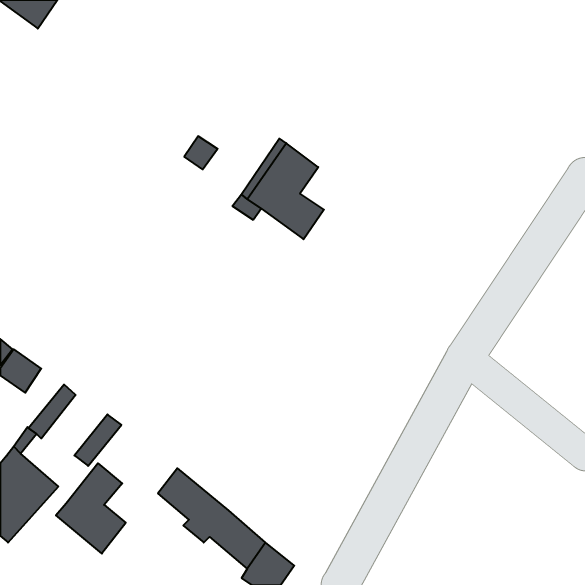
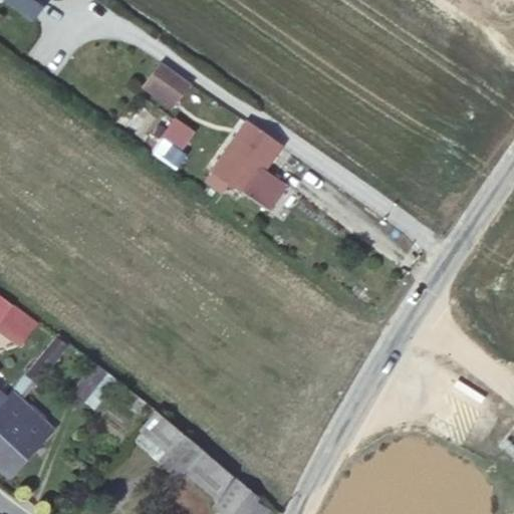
building: none -> [147,63,193,109]
building: [56,463,126,554] -> none

